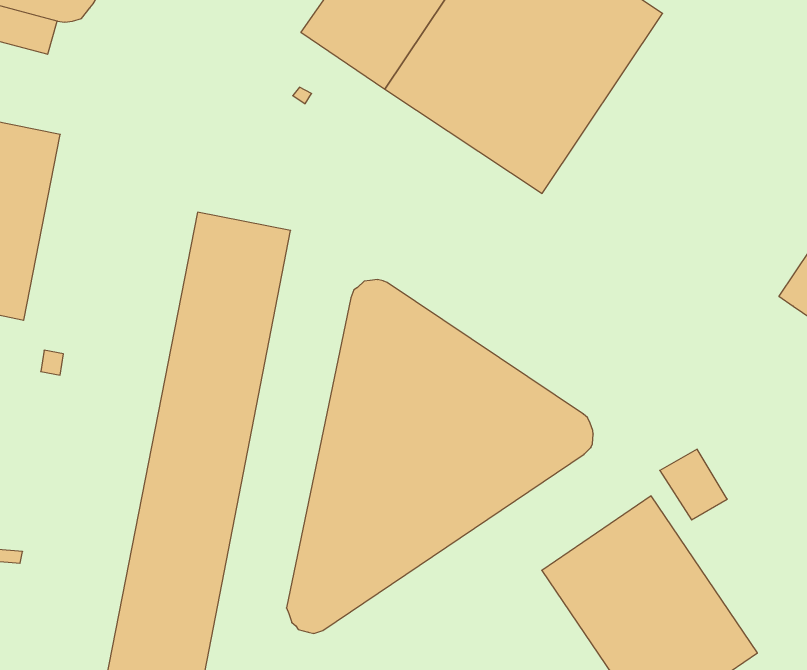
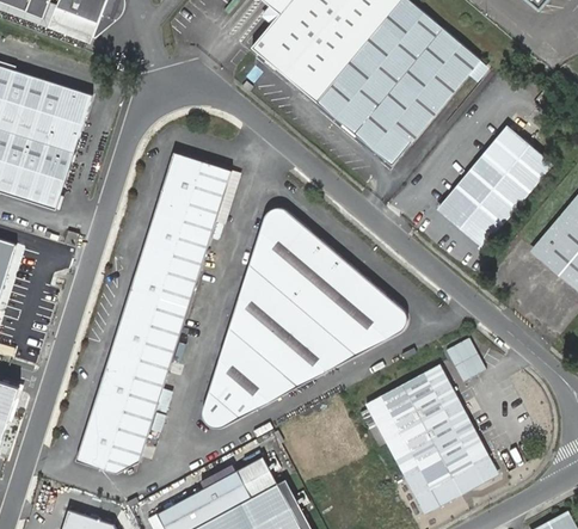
building: none -> [438,124,553,245]

